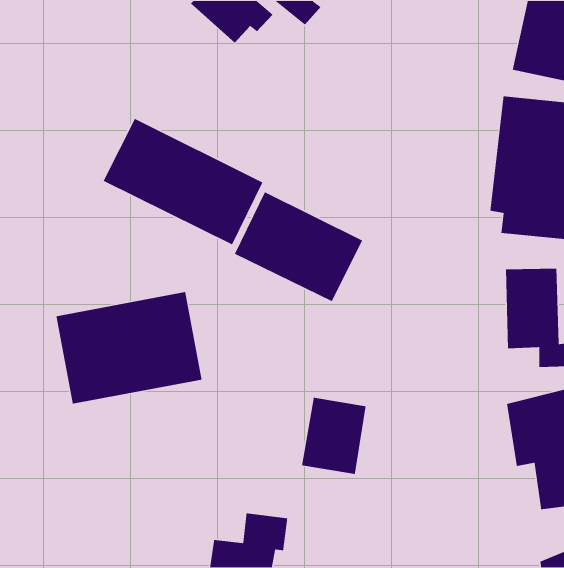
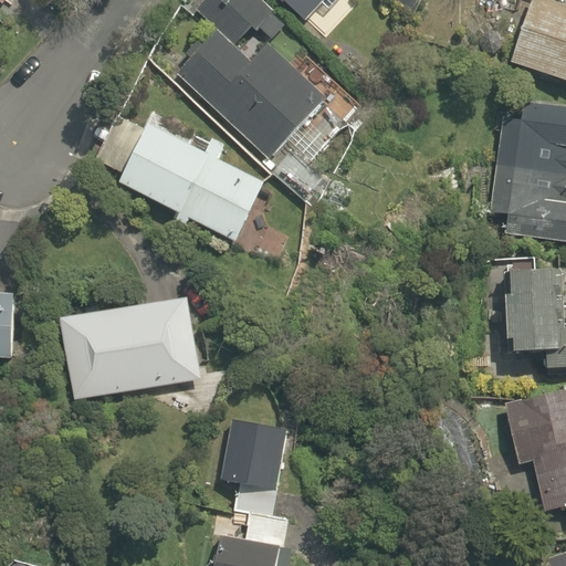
building: none -> [176,29,328,159]
building: [234,191,363,302] -> none
building: [301,397,367,475] -> [221,416,286,493]

